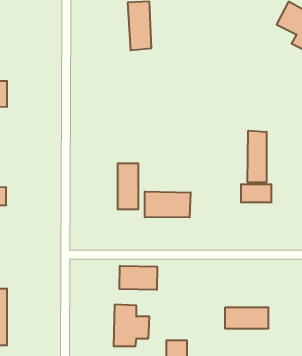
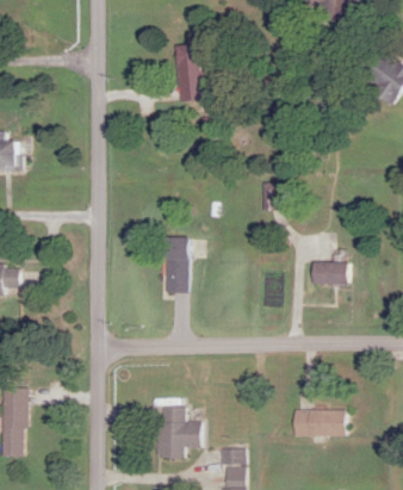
building: [248,131,267,182] -> none
building: [145,191,191,217] -> none
building: [119,266,157,290] -> none

